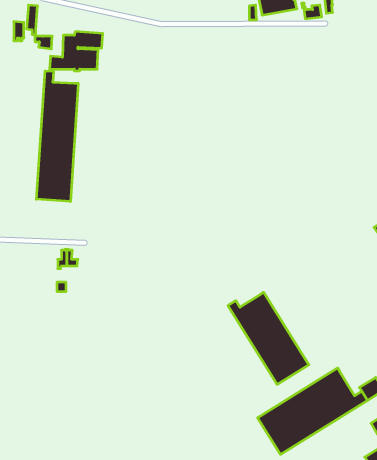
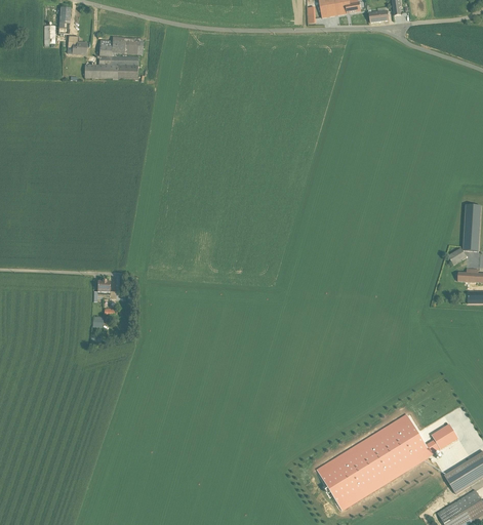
building: [36,71,78,202] -> none
building: [228,292,309,384] -> none

